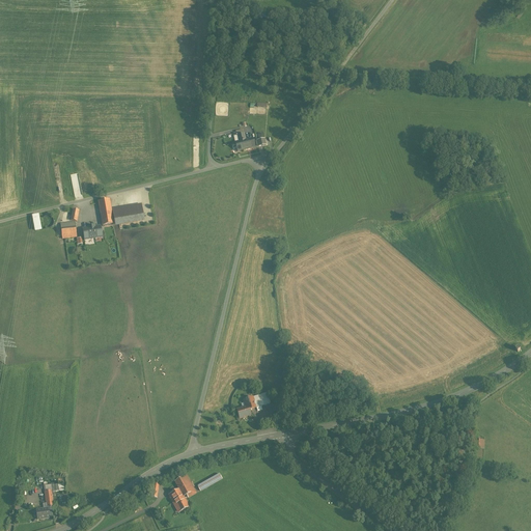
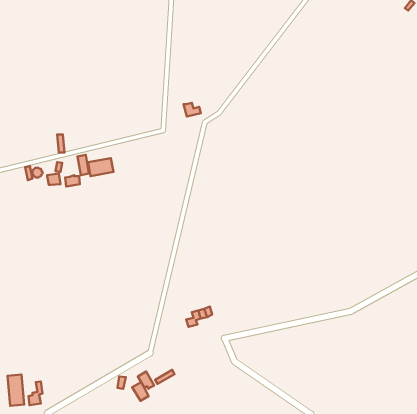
building: none -> [8,375,24,406]

